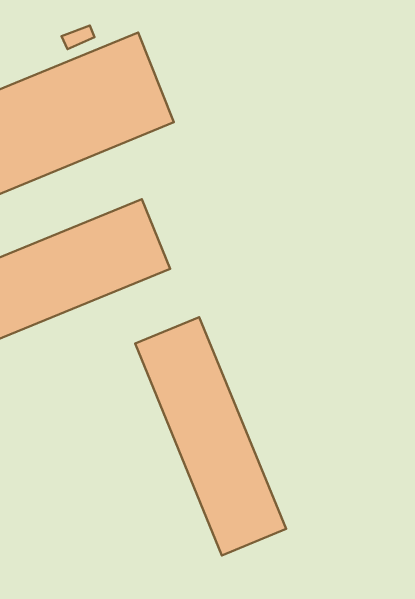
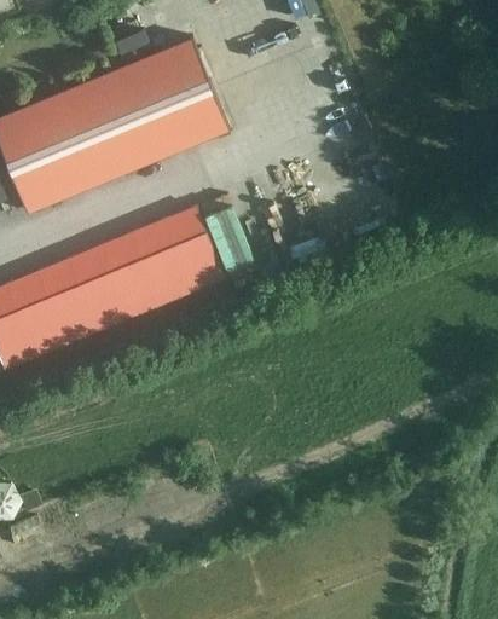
building: [135,317,286,555] -> none

